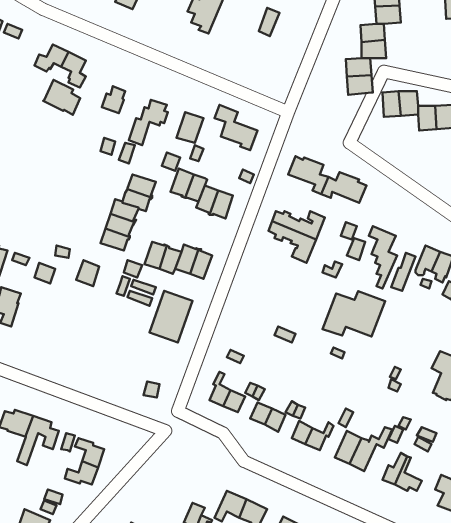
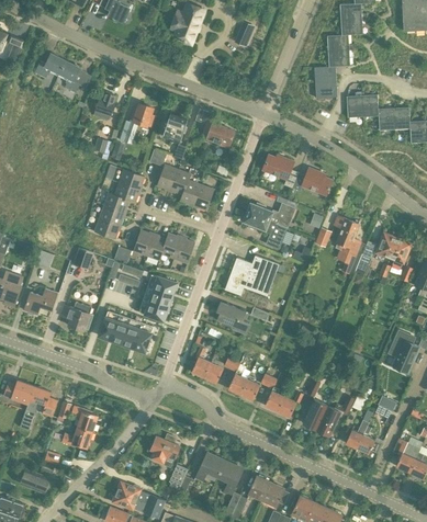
building: [43,80,80,115] -> none
building: [323,291,385,337] -> [224,256,280,296]
building: none -> [24,288,57,315]
building: none -> [60,302,93,330]
building: none -> [216,302,247,333]
building: none -> [99,310,154,351]
building: none -> [151,434,180,464]

